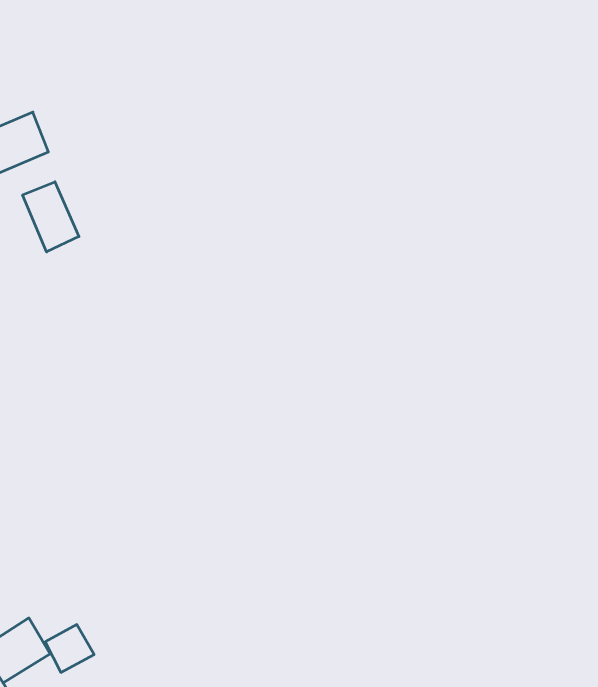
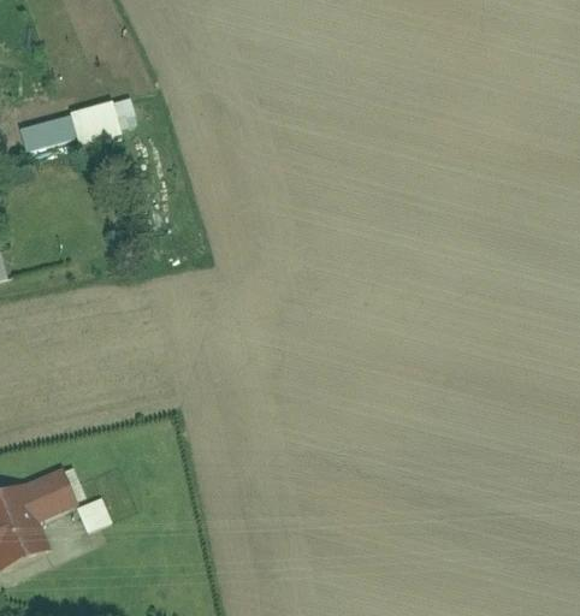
building: [23,182,79,252] -> none

